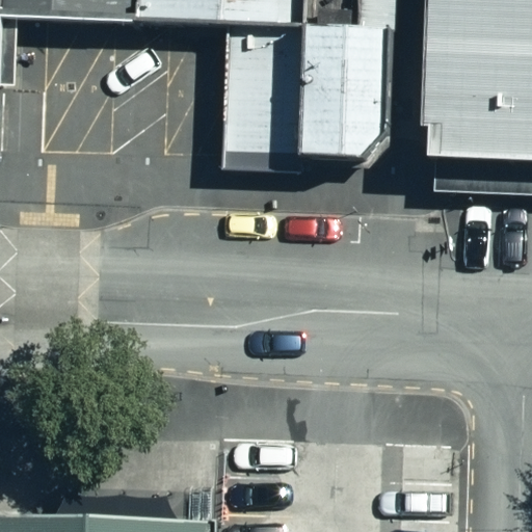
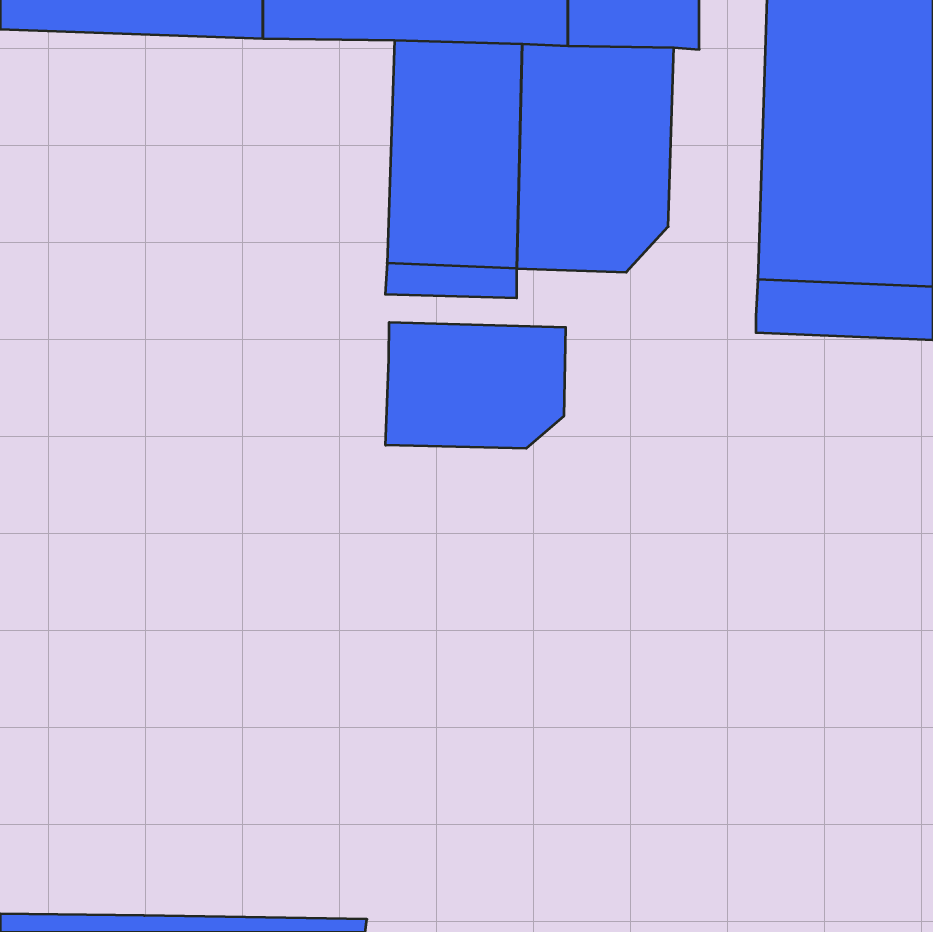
building: none -> [386,322,566,448]

